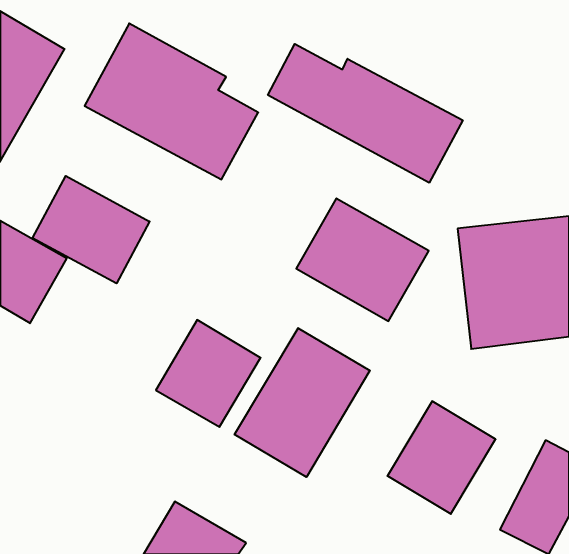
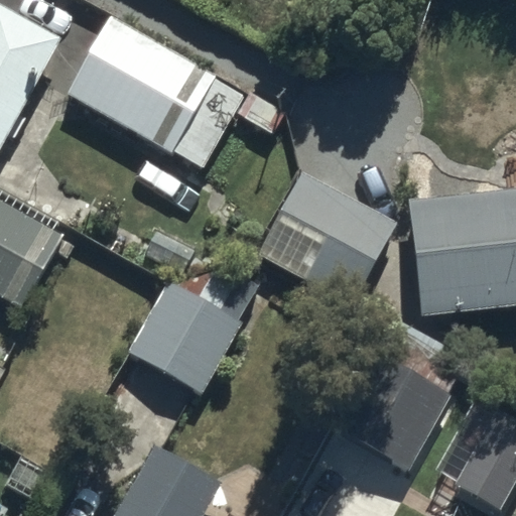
building: [268,44,463,183] -> none
building: [33,176,150,283] -> none
building: [235,328,370,477] -> none

